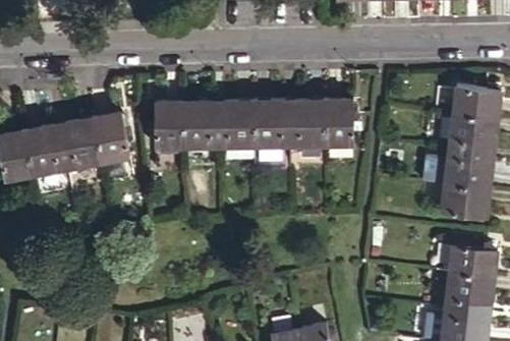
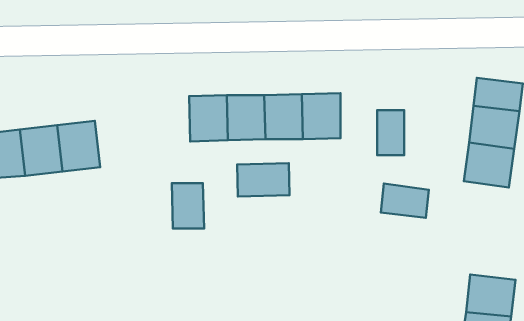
building: [327,100,352,143] -> [377,110,404,155]
building: [154,103,184,146] -> [172,183,204,228]
building: [94,123,127,170] -> none
building: none -> [237,163,290,197]
building: [441,183,487,216] -> [381,184,429,218]
building: [450,243,496,277] -> none

